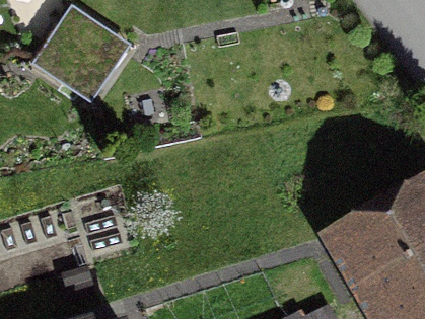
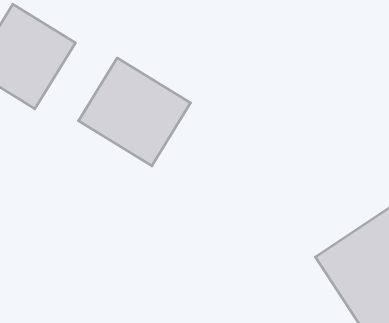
building: none -> [78,58,191,166]

